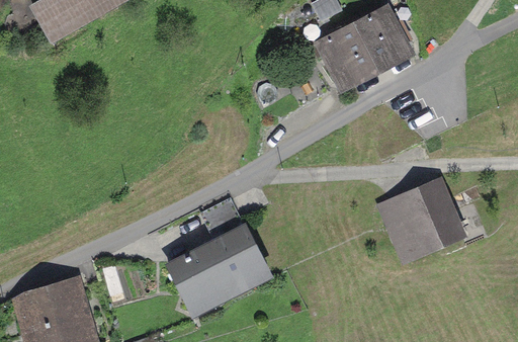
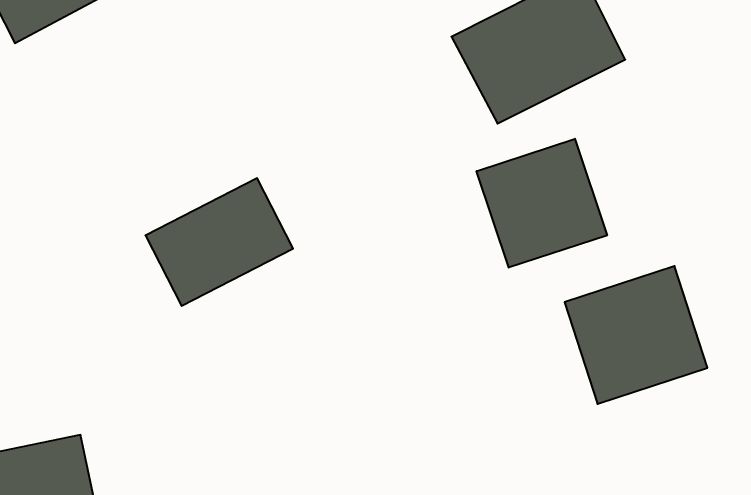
building: none -> [477,139,607,268]
building: [176,230,267,309] -> [145,178,293,306]

